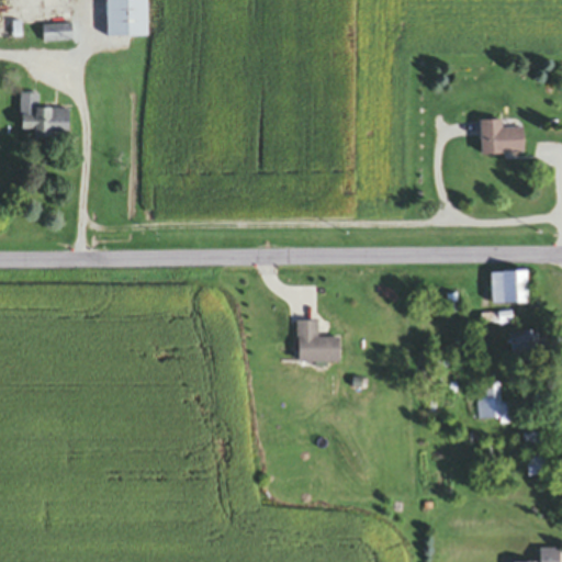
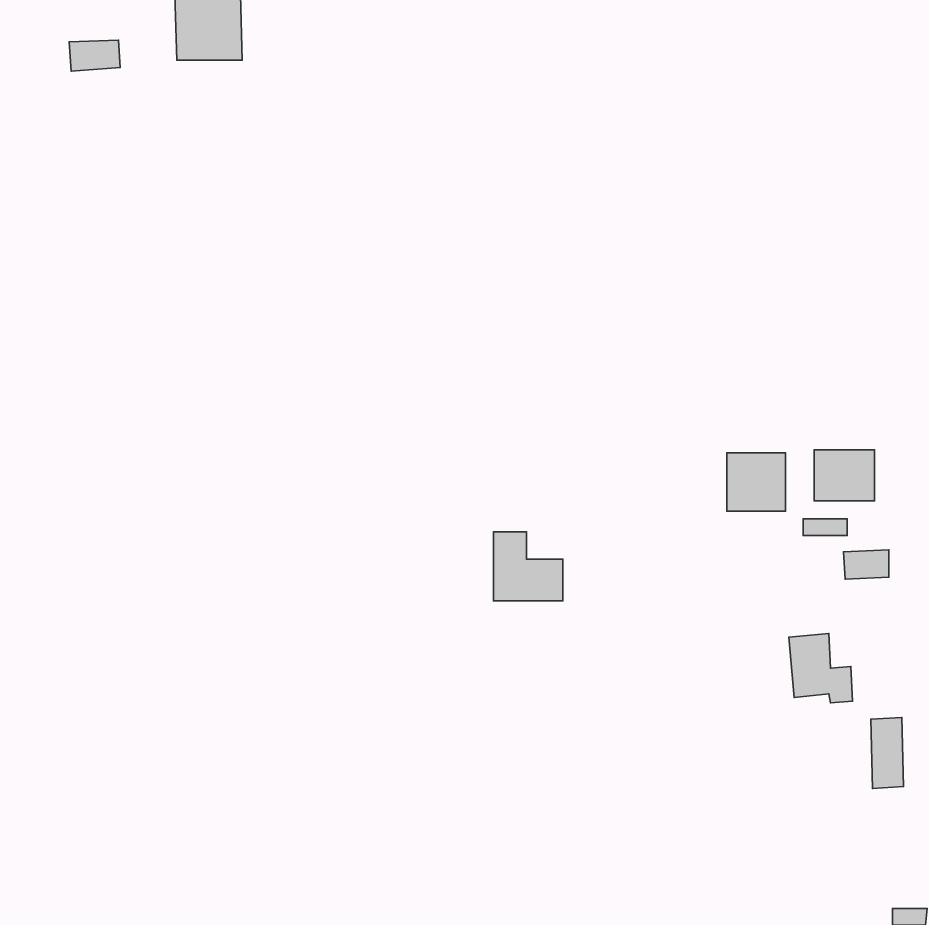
building: [21,92,69,136] -> none
building: [481,119,525,153] -> none
building: none -> [727,453,786,511]

